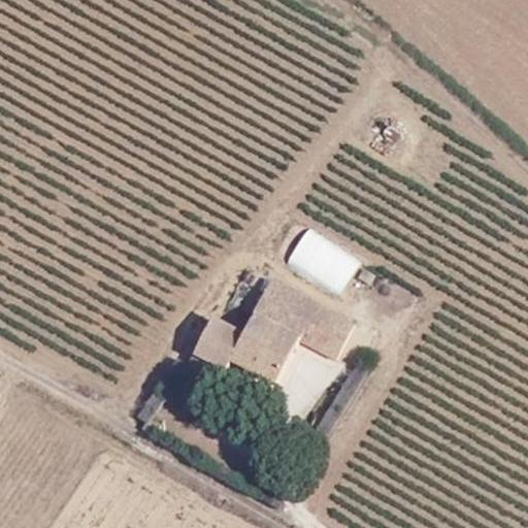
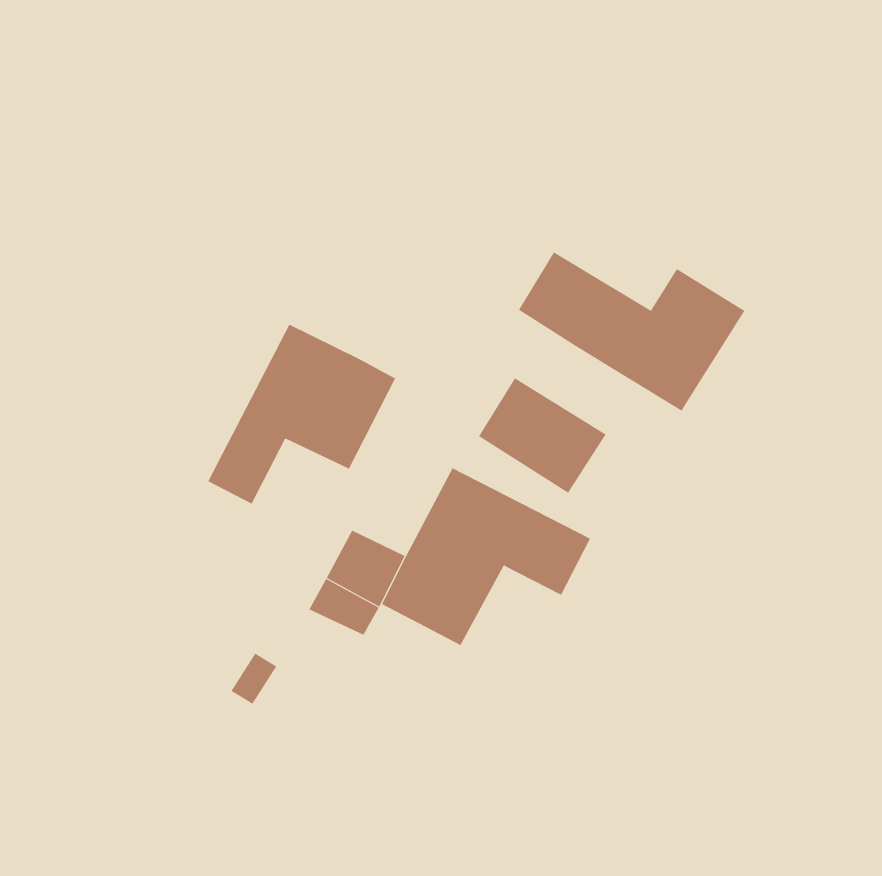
building: none -> [518,251,745,412]
building: none -> [208,324,396,504]

